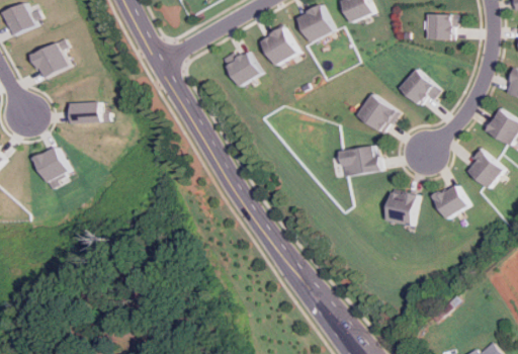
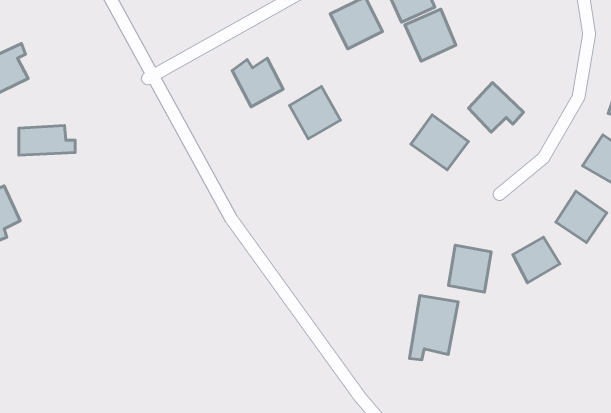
building: [426,12,459,38] -> none
building: none -> [405,9,456,61]
building: [259,24,297,64] -> [289,87,340,139]
building: [340,145,382,176] -> none
building: none -> [409,296,458,360]

